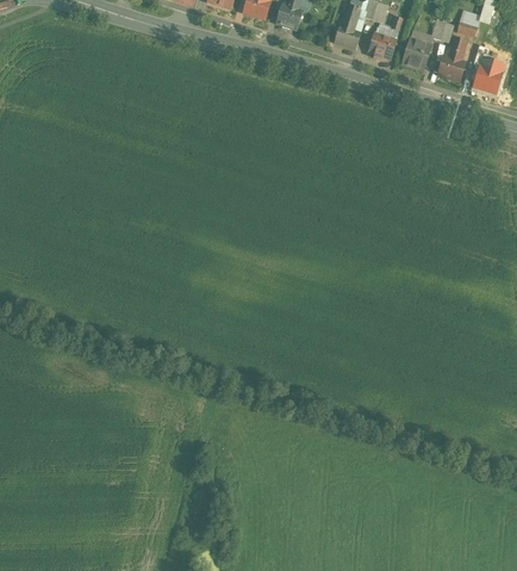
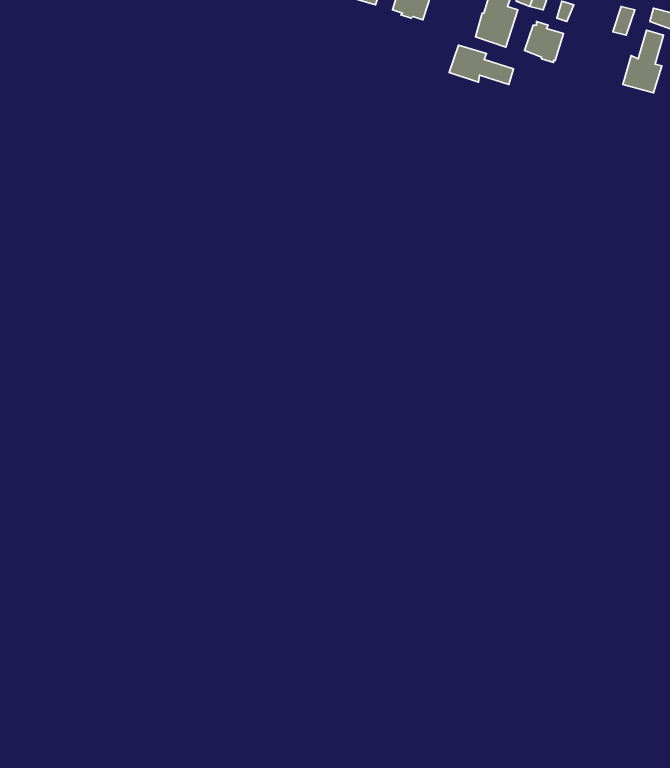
building: [401,37,432,69] -> none
building: none -> [449,45,514,84]

